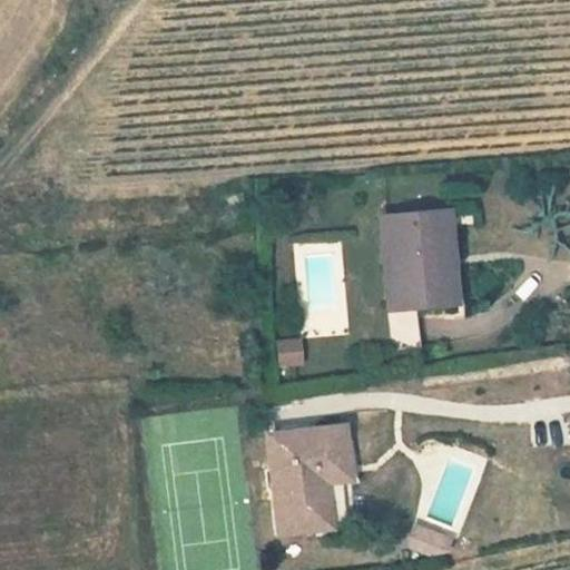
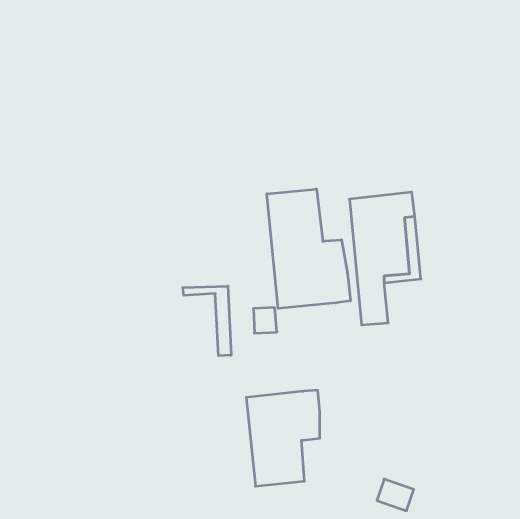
building: none -> [267,189,350,308]
building: none -> [183,286,231,356]

